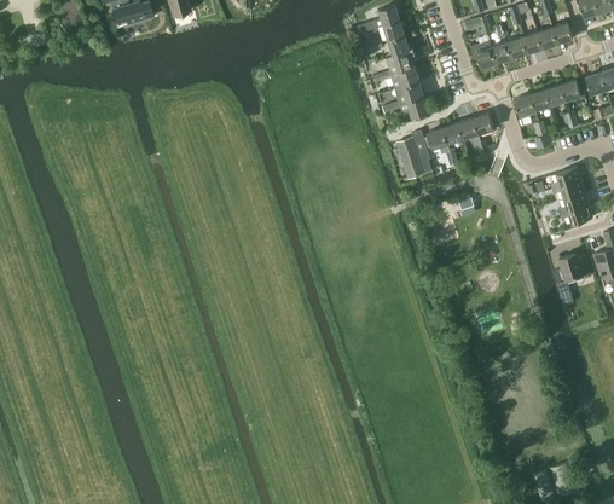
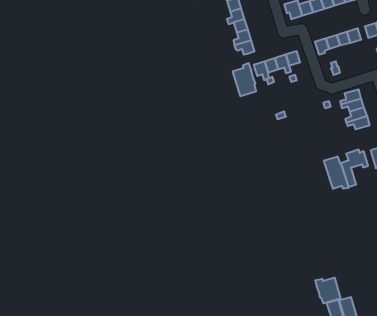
building: none -> [324,156,349,189]
building: none -> [316,278,341,303]

